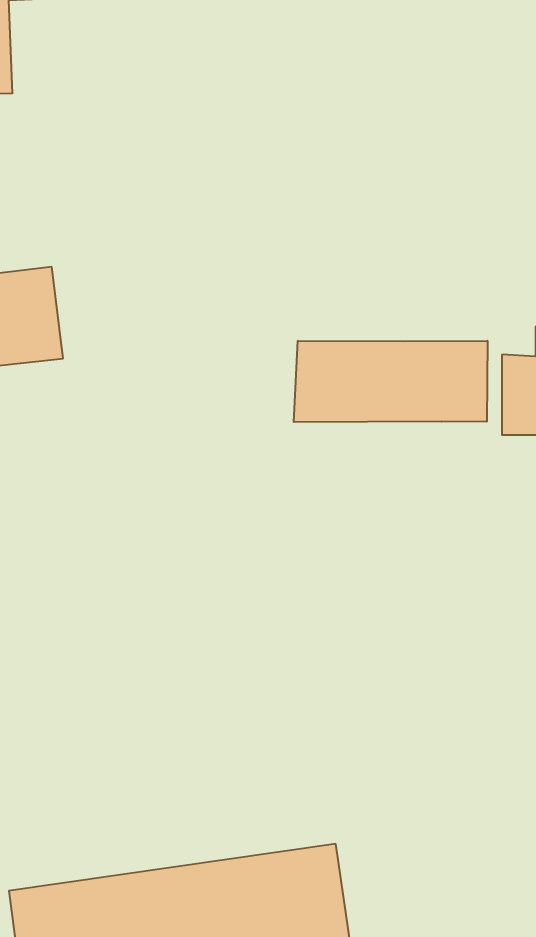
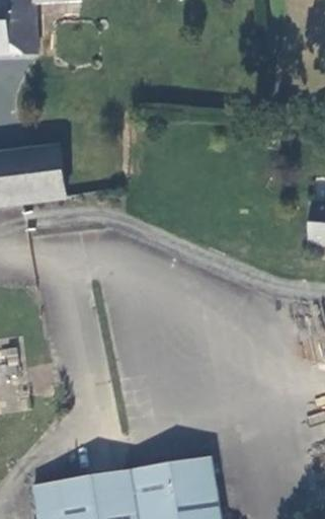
building: [294,341,487,422] -> none

